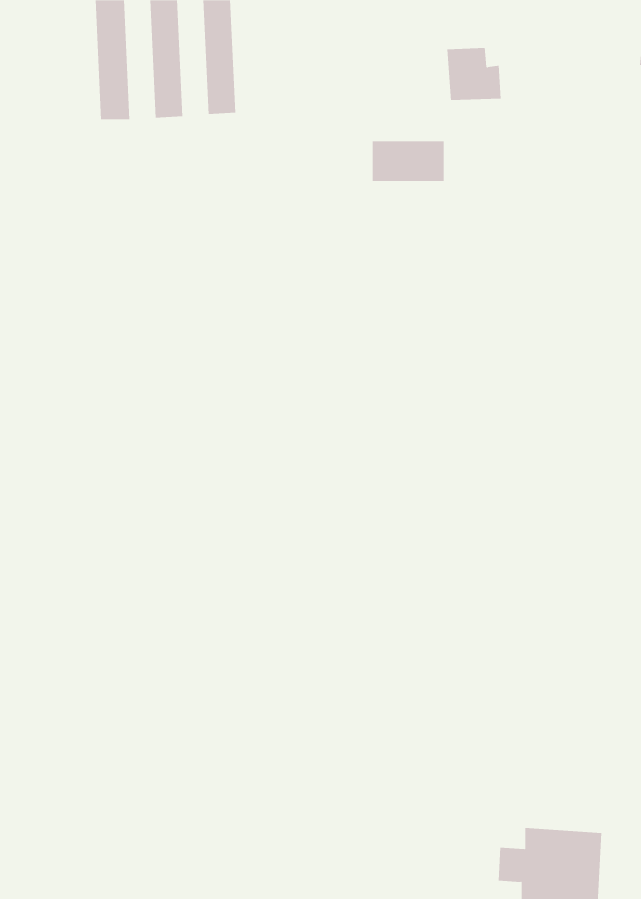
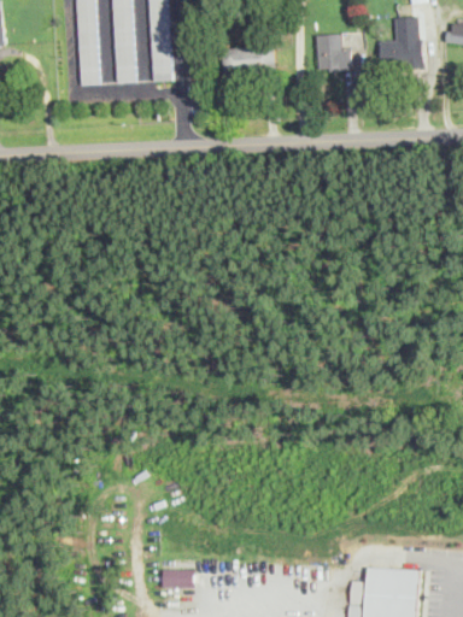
building: none -> [381,17,423,69]
building: [372,141,444,181] -> [224,48,274,76]
building: none -> [163,569,194,588]

